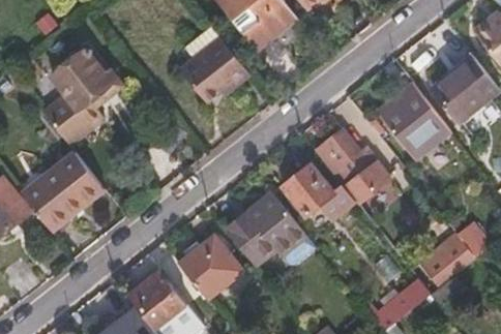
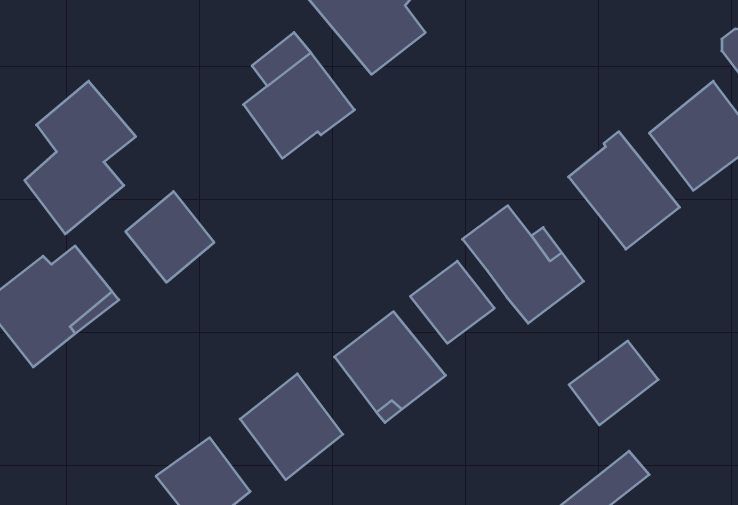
building: none -> [126,191,214,282]
building: [421,235,476,286] -> [569,341,658,425]

